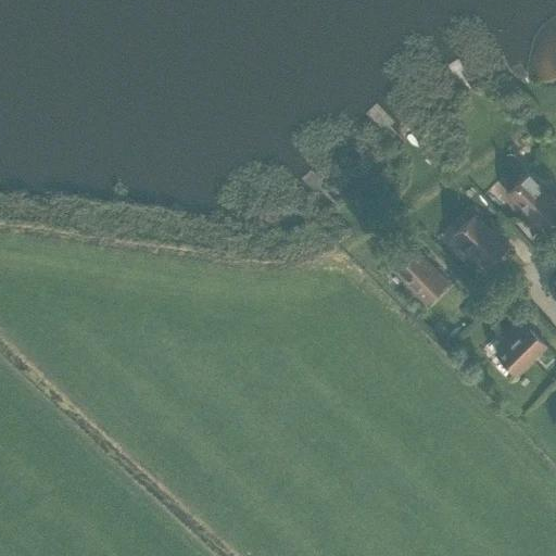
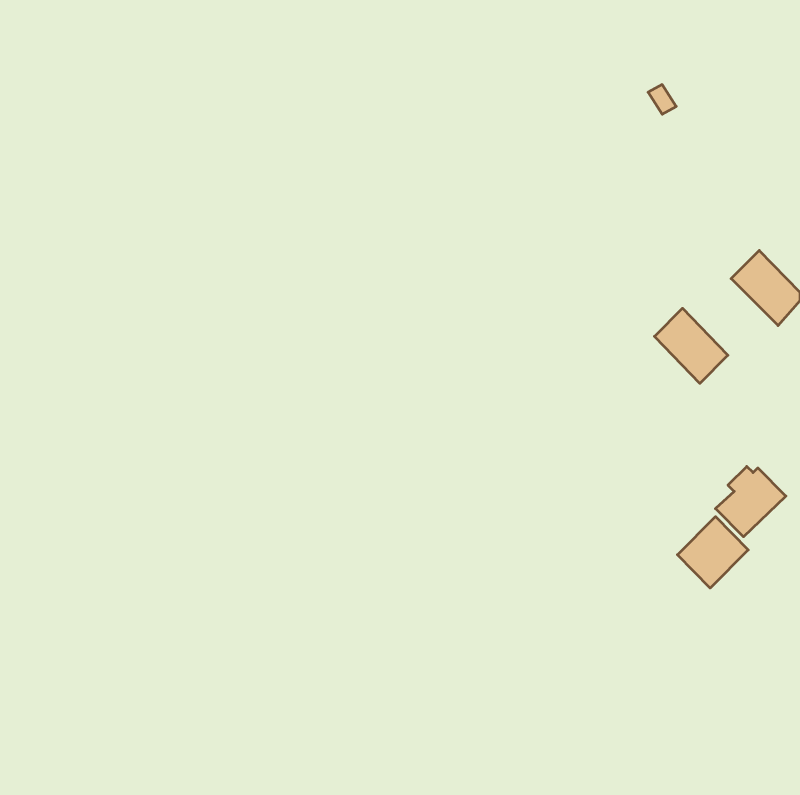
building: [394,252,446,303] -> none
building: none -> [677,517,748,588]

